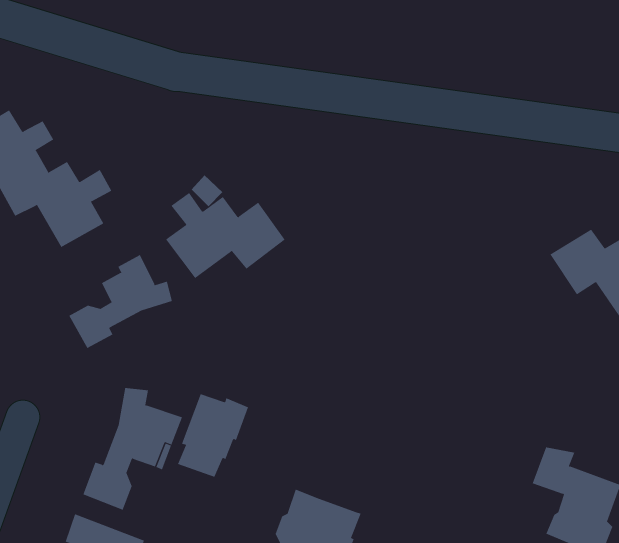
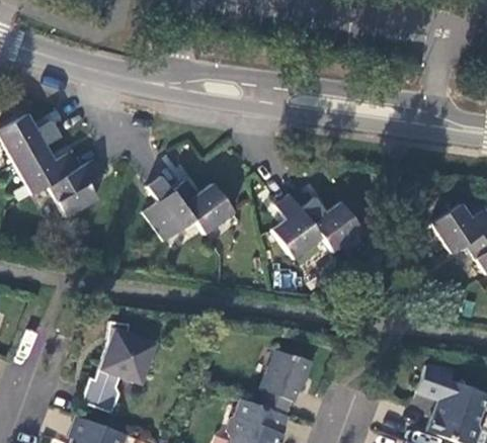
building: none -> [272,193,362,258]
building: [68,254,173,349] -> none
building: [177,394,249,478] -> [259,351,313,414]

